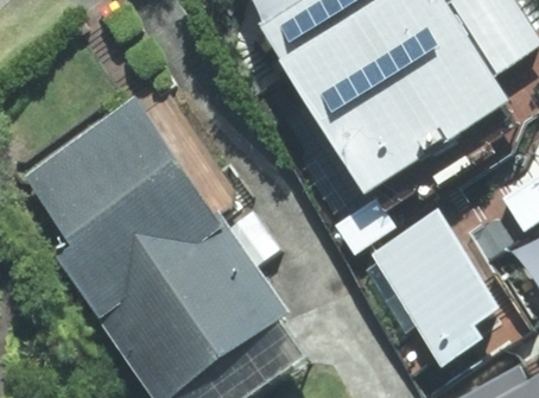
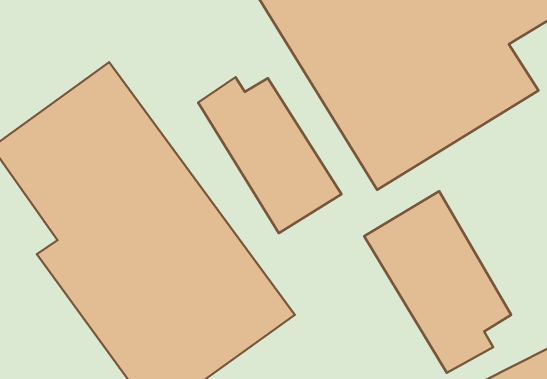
building: none -> [198,77,342,233]

